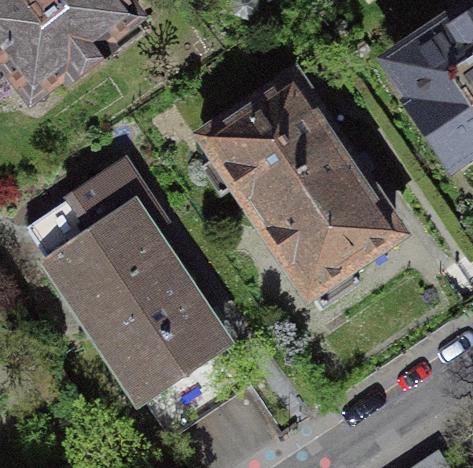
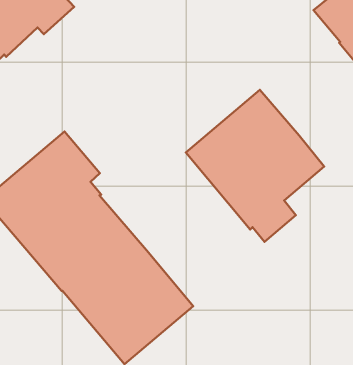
building: [200,74,334,197] -> none

